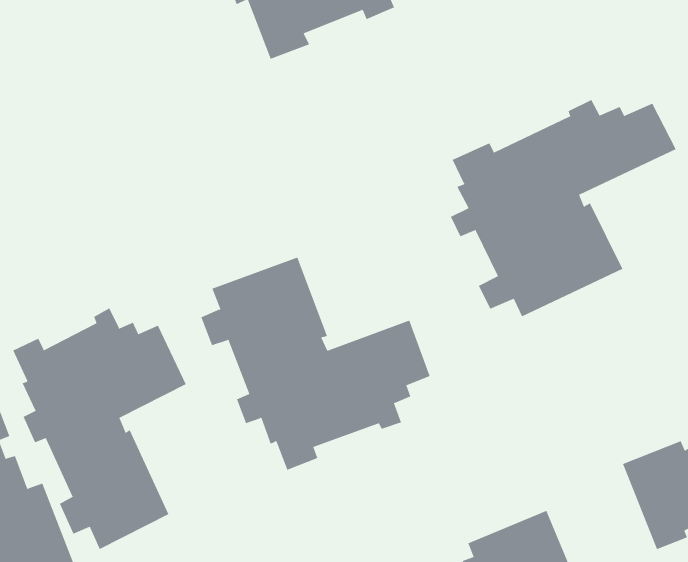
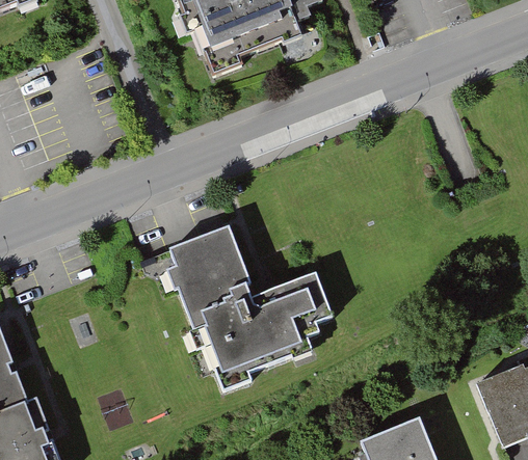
building: [450,99,677,317] -> none
building: [13,308,187,550] -> none

